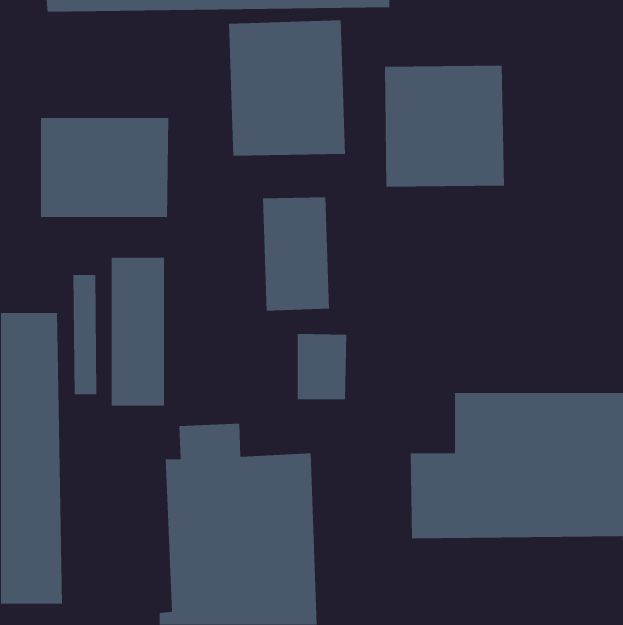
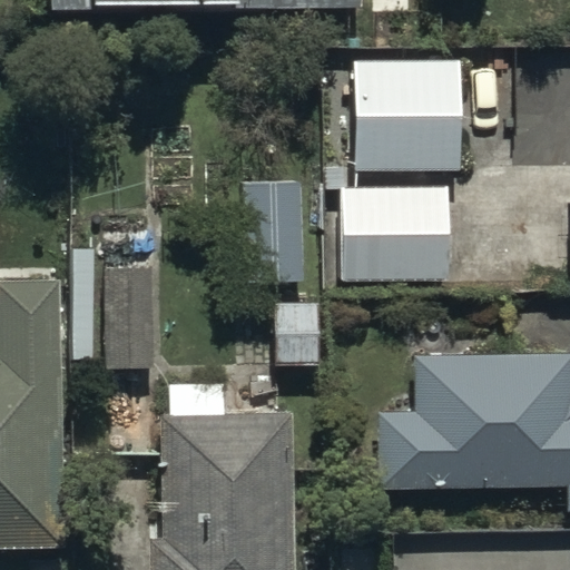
building: [228,19,346,157] -> none
building: [40,117,169,218] -> none
building: none -> [340,188,449,281]

